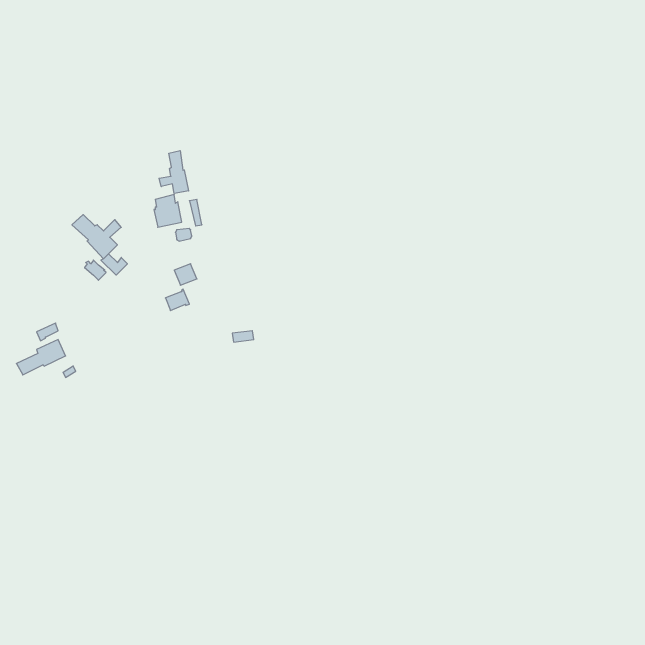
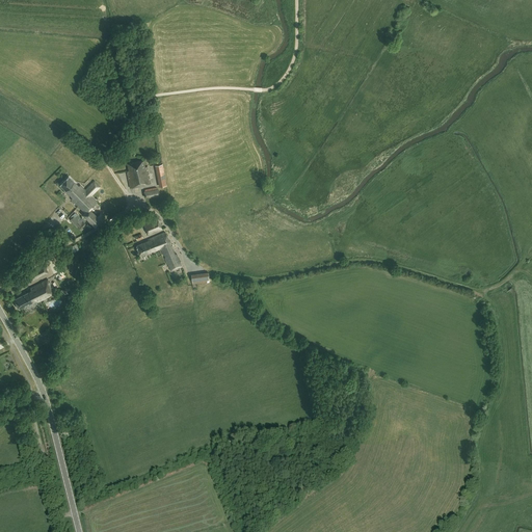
building: [159,151,189,193] -> none
building: none -> [151,233,181,270]

